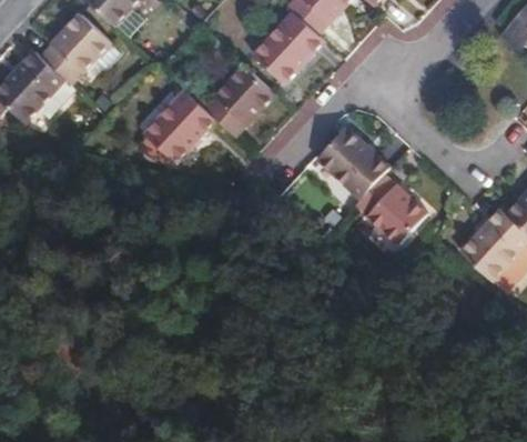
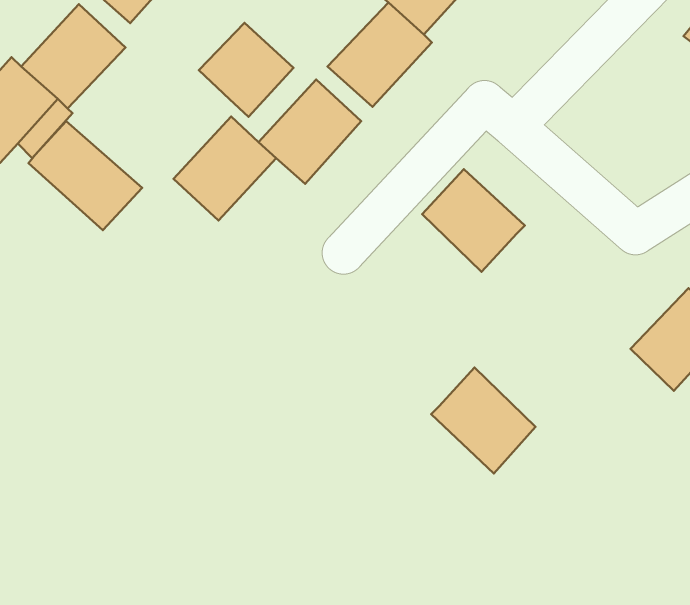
building: none -> [199,23,294,117]
building: none -> [28,121,142,230]
building: [352,171,424,244] -> [431,368,536,473]

